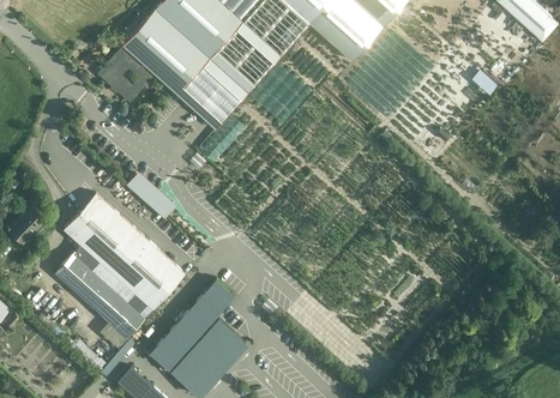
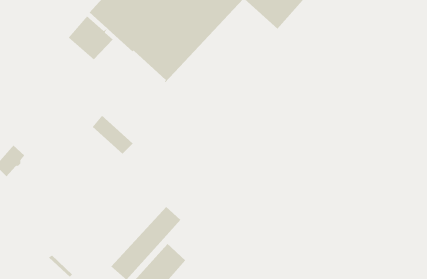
building: [55,193,186,338] -> none

